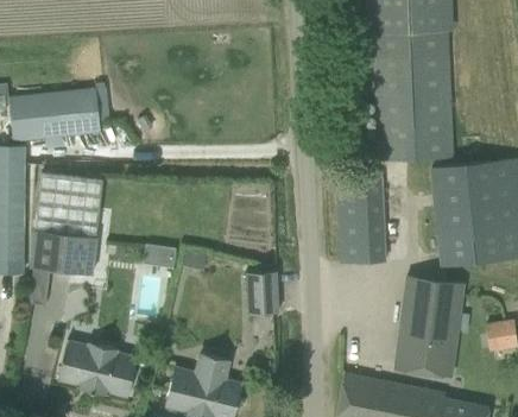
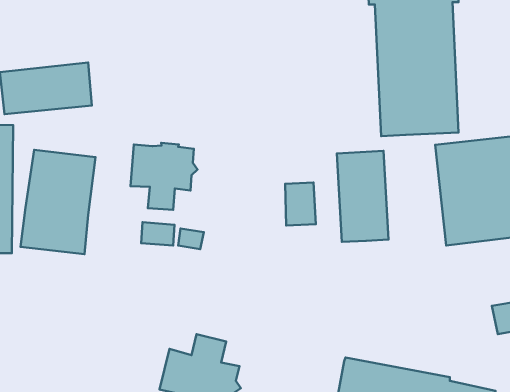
building: none -> [131,143,197,210]
building: [248,271,278,312] -> [285,182,316,226]
building: [393,276,466,379] -> none
building: [57,340,138,396] -> none

